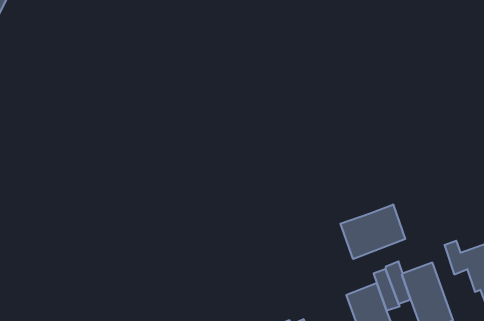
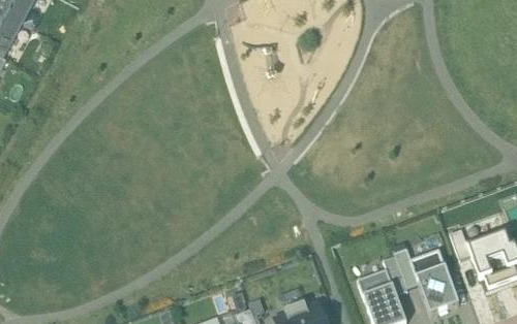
building: [340,204,405,259] -> none

